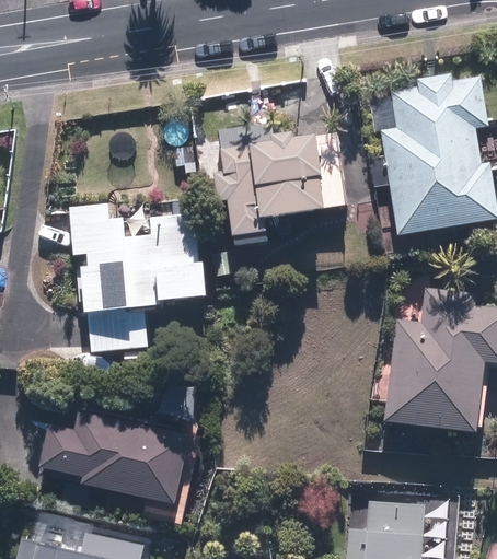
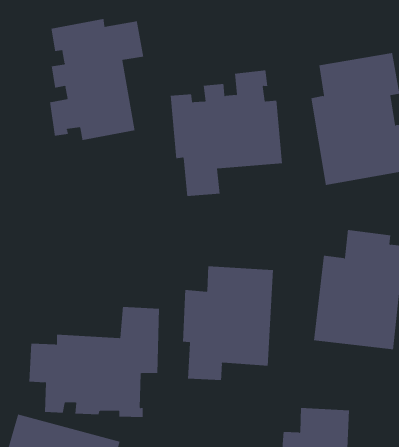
building: none -> [49,18,144,141]
building: [67,197,232,372] -> none
building: none -> [182,266,274,381]

